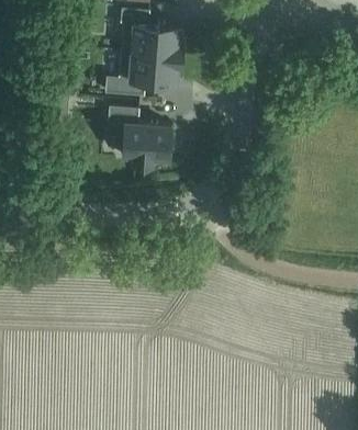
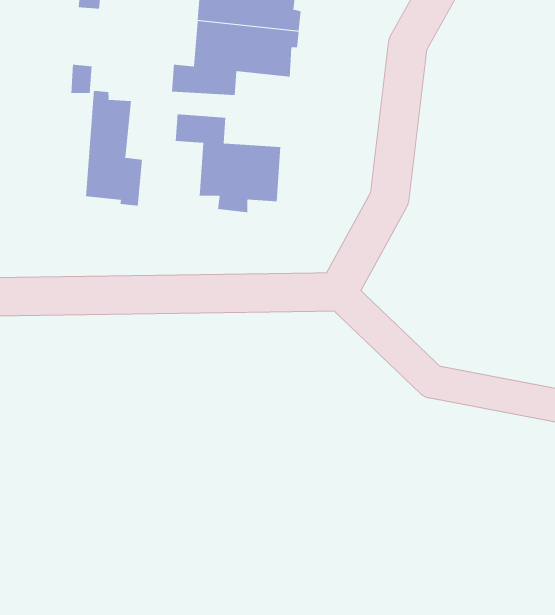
building: none -> [85,90,142,206]

